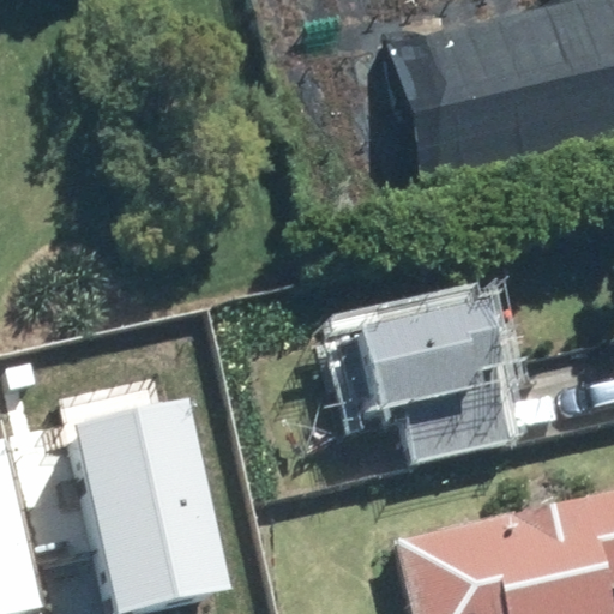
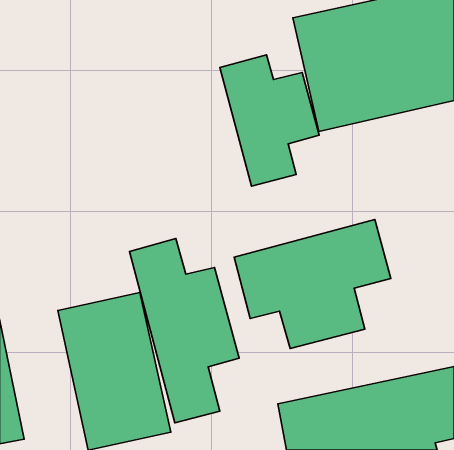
building: none -> [220,55,319,186]
building: none -> [129,239,239,423]

